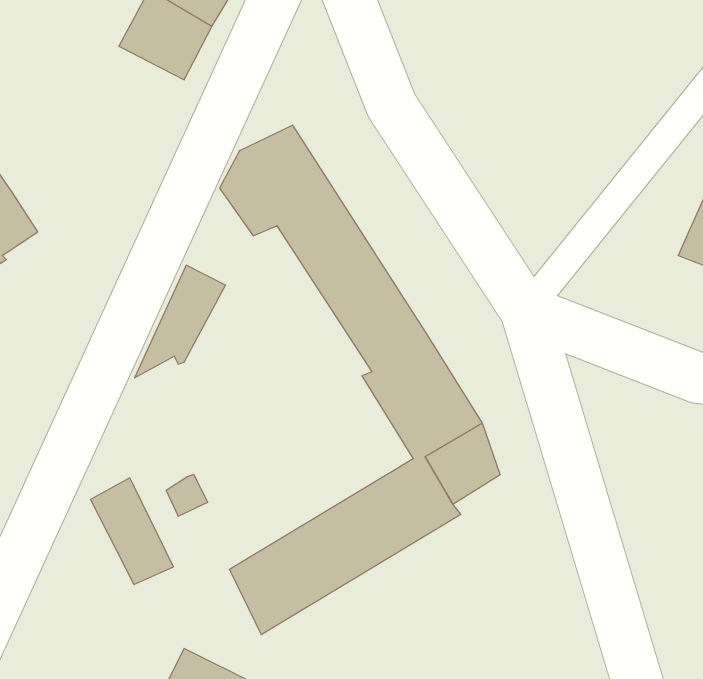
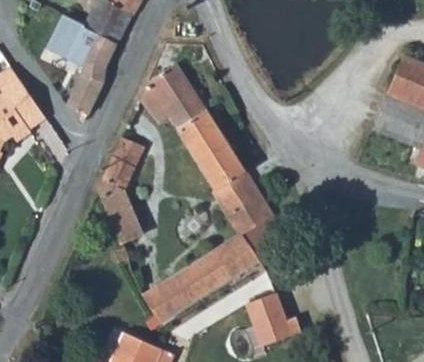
building: none -> [57,16,122,115]
building: [90,478,173,585] -> [97,182,139,236]
building: none -> [247,291,300,341]

